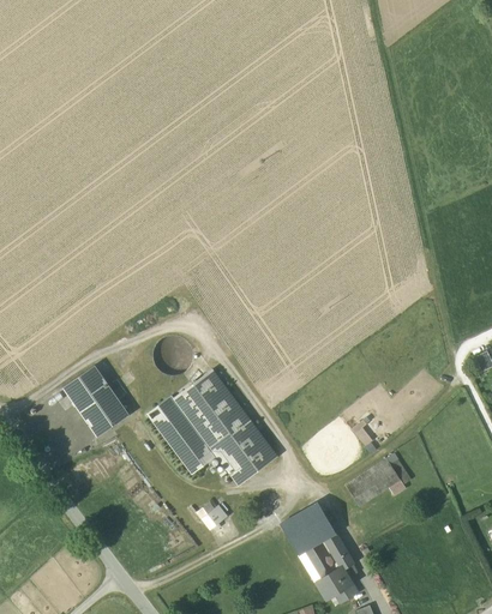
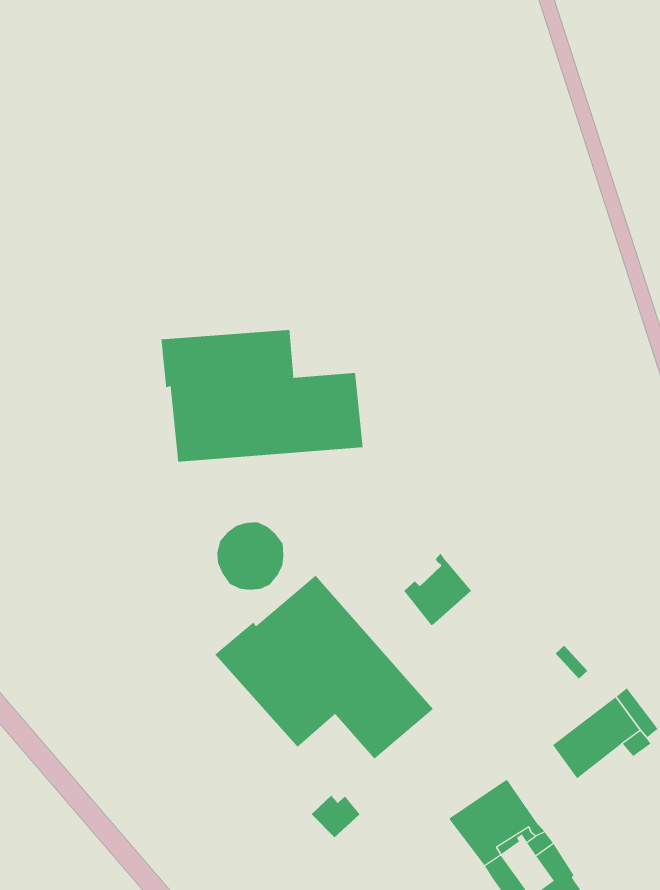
building: none -> [161,329,363,463]
building: none -> [403,553,472,626]
building: [64,365,130,437] -> none

